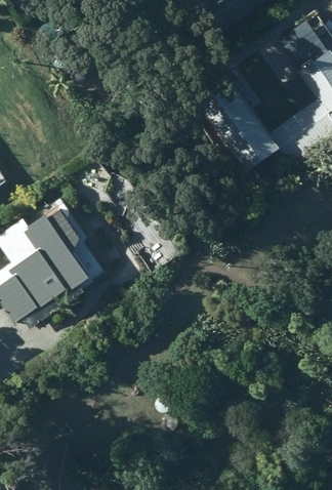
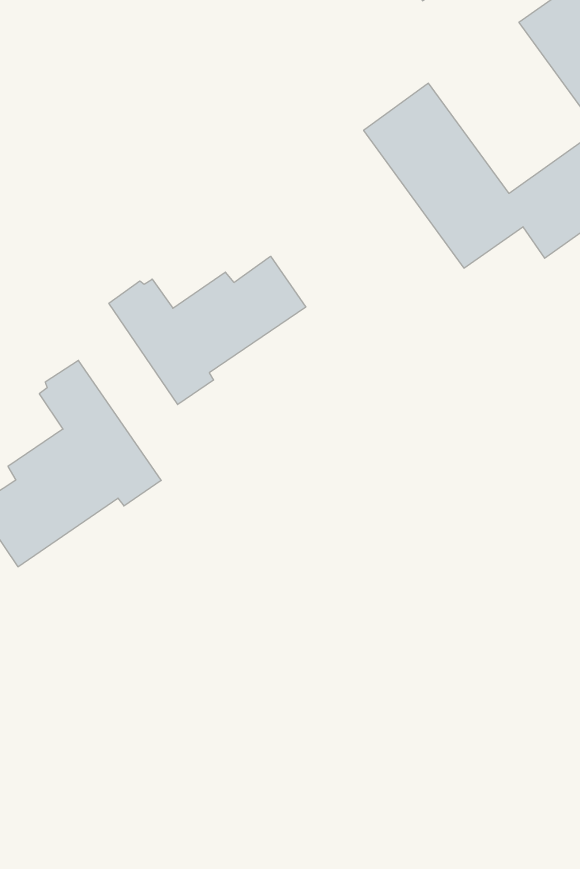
building: none -> [109,256,306,405]

